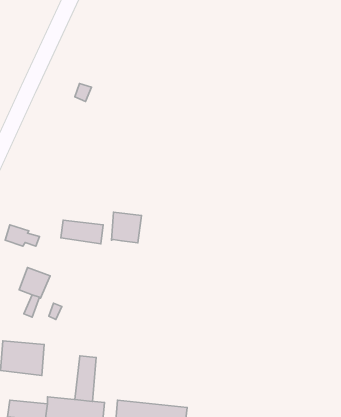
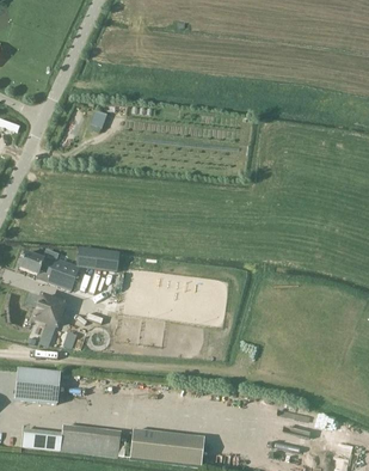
building: [111,212,141,243] -> none
building: none -> [47,258,79,289]
building: [75,356,96,401] -> none

